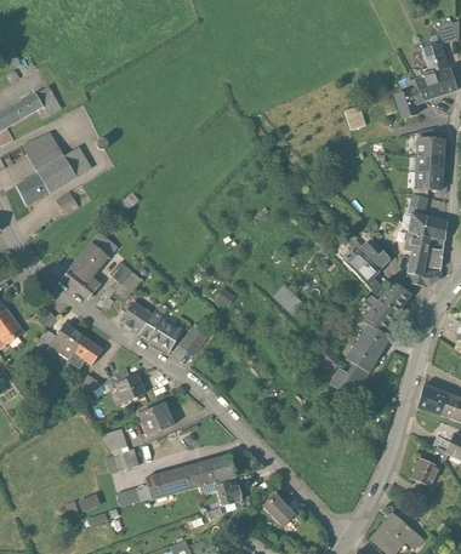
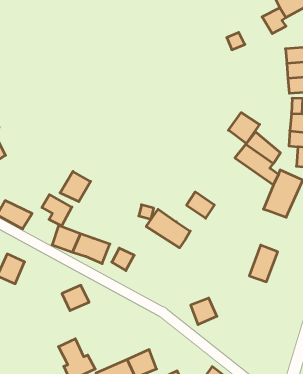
building: none -> [228,113,260,144]
building: [72,240,108,275] -> [60,171,91,202]
building: none -> [146,209,190,248]
building: [346,320,391,369] -> none
building: [68,335,103,366] -> none
building: [136,395,176,430] -> none
building: [207,451,235,479] -> [191,298,217,325]

